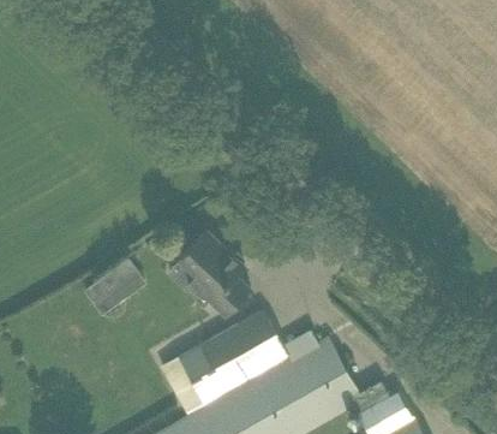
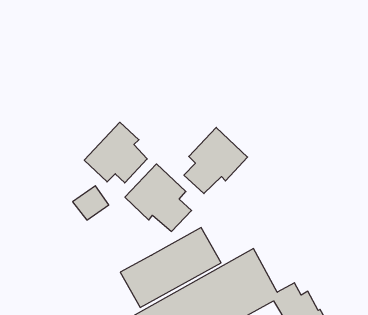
building: none -> [84,122,147,183]
building: none -> [184,127,248,194]

